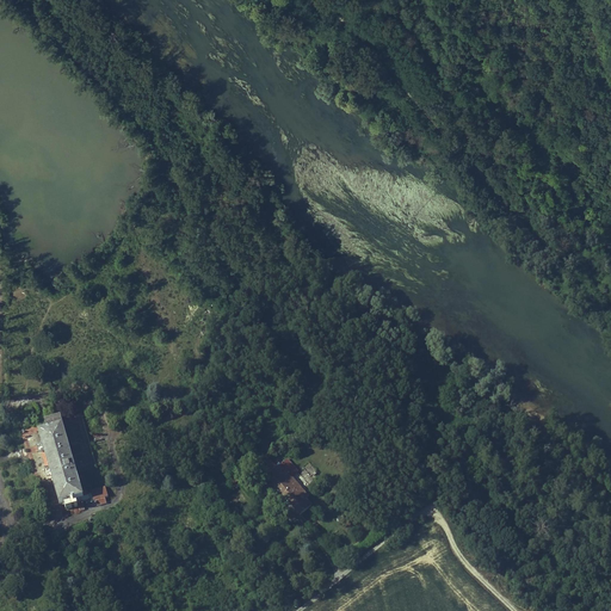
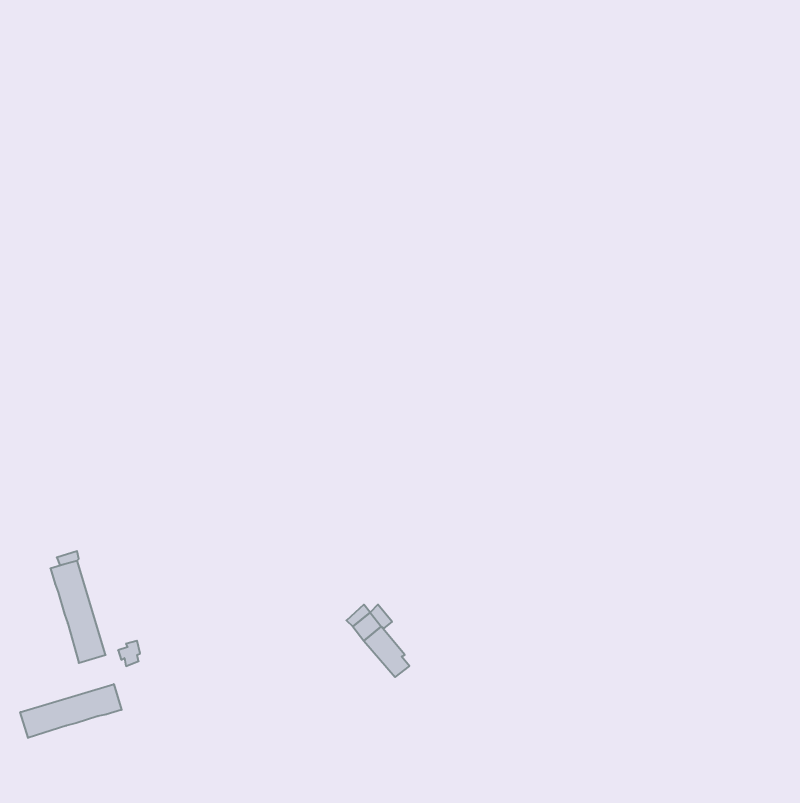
building: none -> [20,684,122,738]

